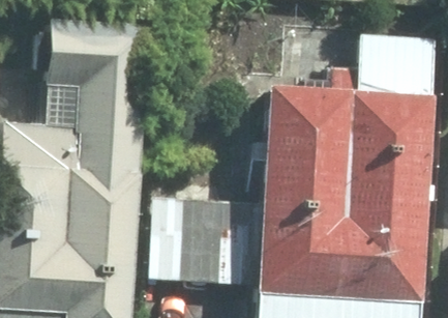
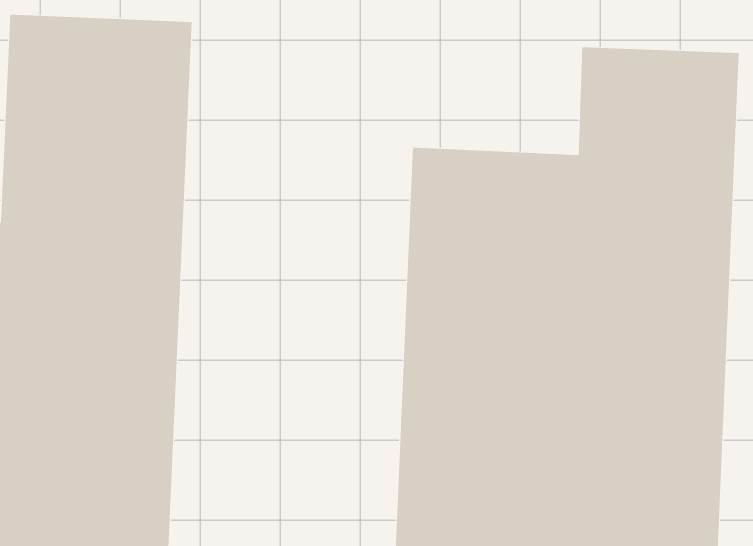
building: [154,197,246,282] -> none

